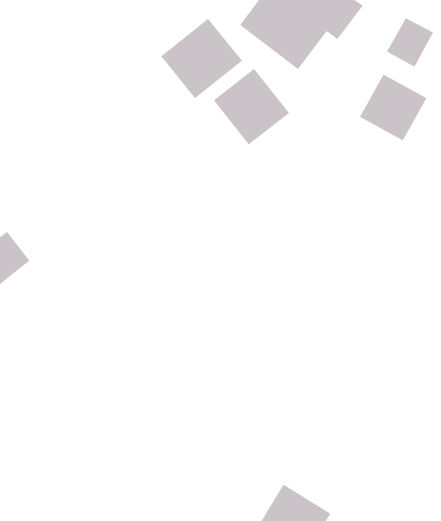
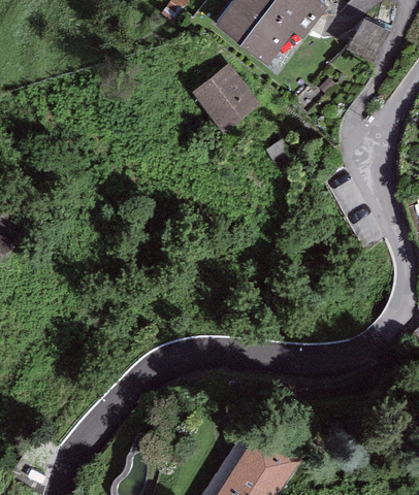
building: [160,18,243,99] -> none
building: [359,74,427,141] -> none

